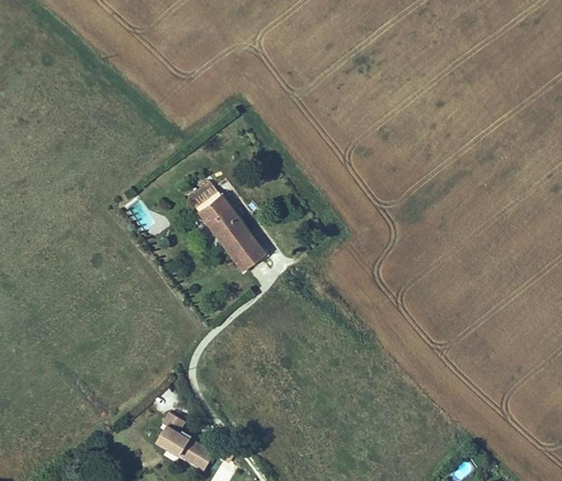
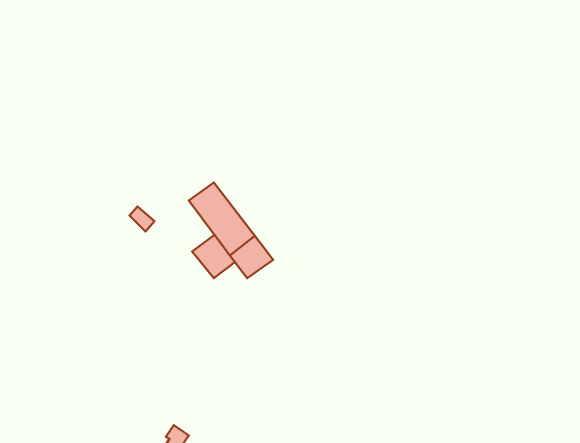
building: none -> [192,235,235,278]

